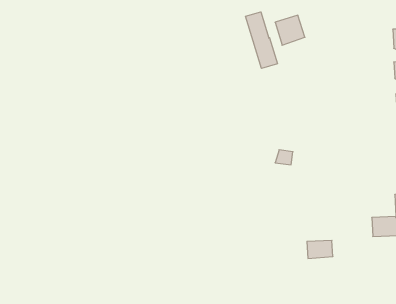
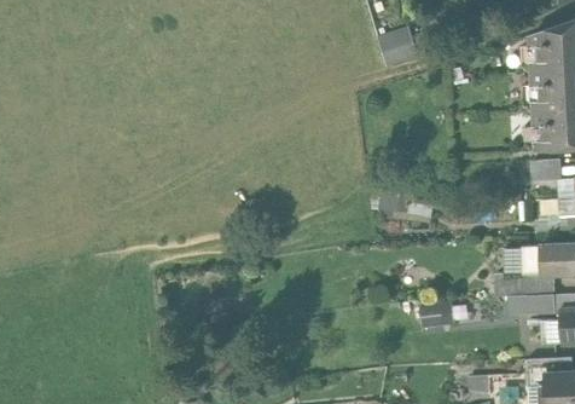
building: [246,12,278,68] -> none

